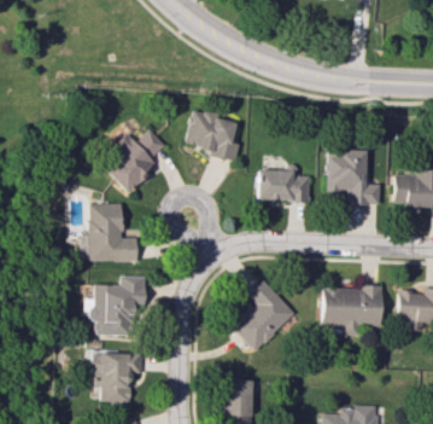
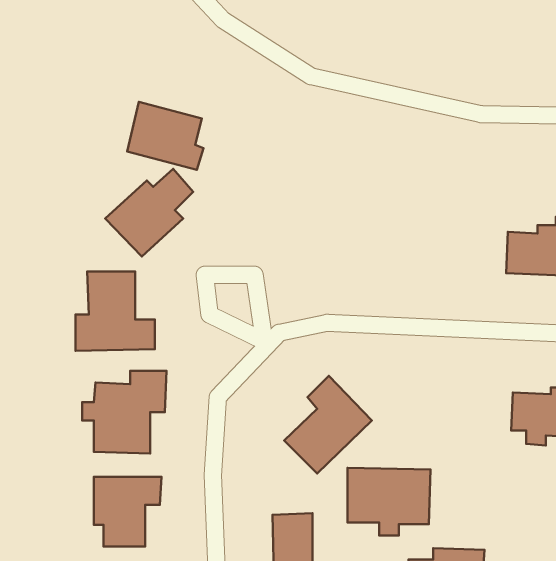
building: [185,110,240,159] -> [127,102,203,170]
building: [327,149,382,204] -> none
building: [257,167,310,202] -> none
building: [322,285,382,335] -> [348,468,430,536]

